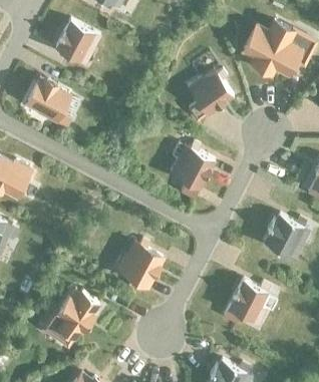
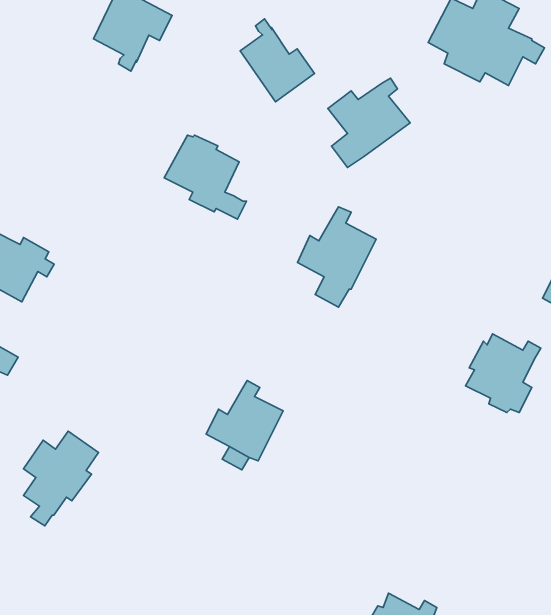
building: none -> [240,19,314,102]
building: [26,80,72,127] -> [164,135,246,219]
building: [223,281,269,325] -> none
building: [56,293,98,346] -> [23,431,99,526]

